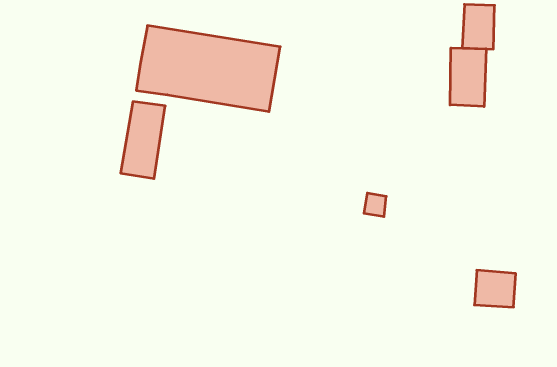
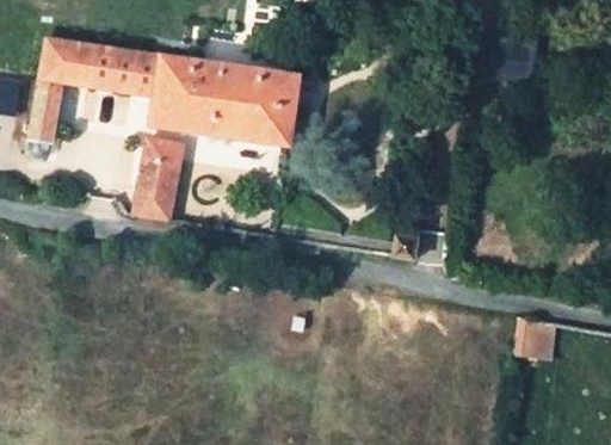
building: none -> [30,38,162,140]
building: [450,48,486,107] -> none

